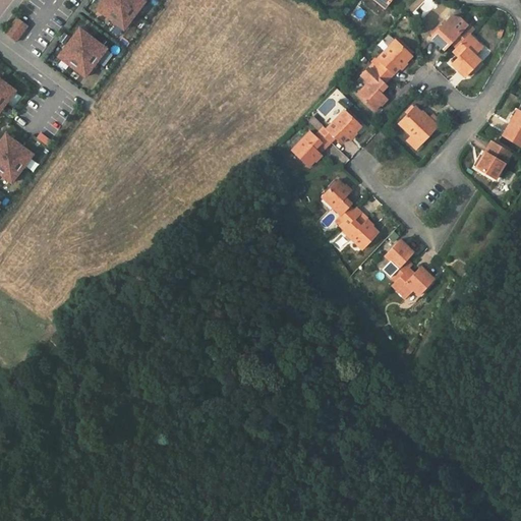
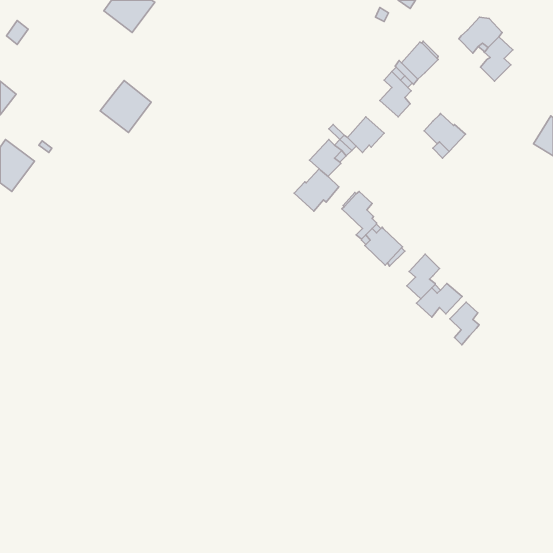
building: [58,30,106,78] -> [100,80,151,132]
building: [475,140,511,179] -> none
building: none -> [294,169,339,211]
building: none -> [450,302,479,345]

